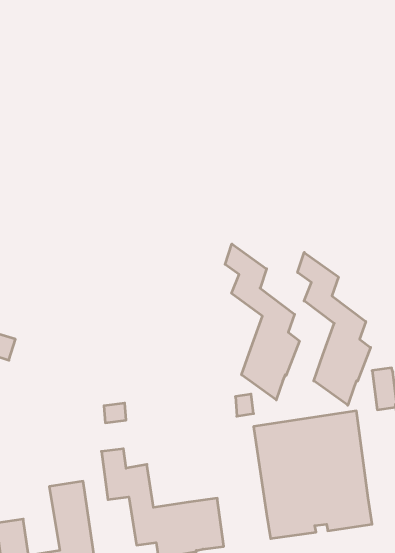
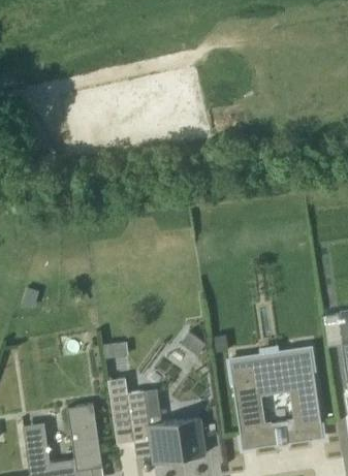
building: [225,244,299,400] -> none
building: [298,252,371,405] -> none

